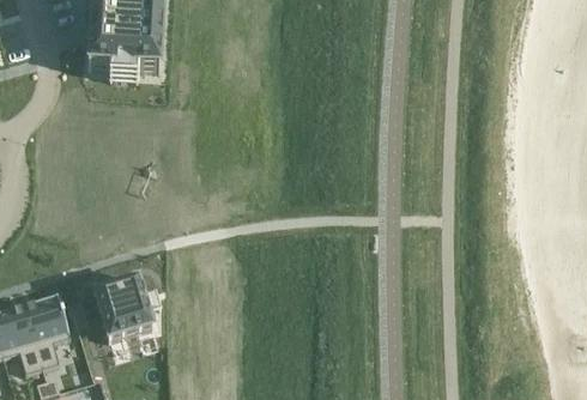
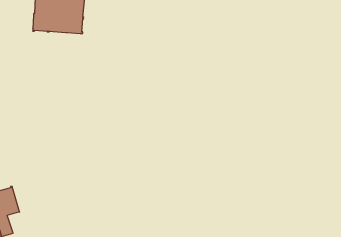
building: [93,279,152,340] -> none

